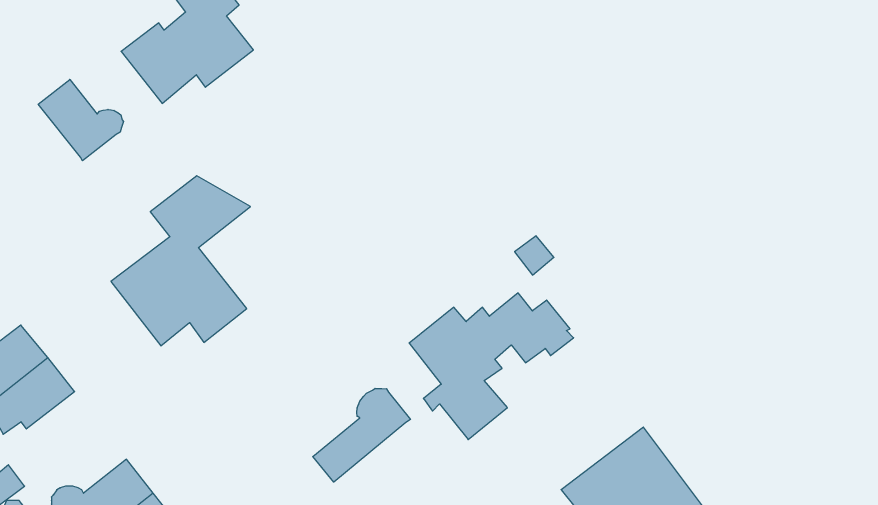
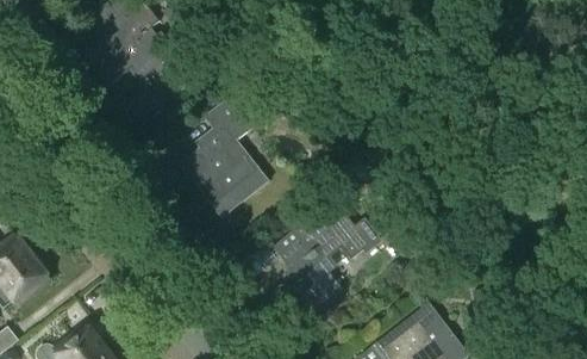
building: [38,79,123,161] -> none
building: [111,176,250,346] -> [179,92,271,205]
building: [313,388,410,482] -> none

